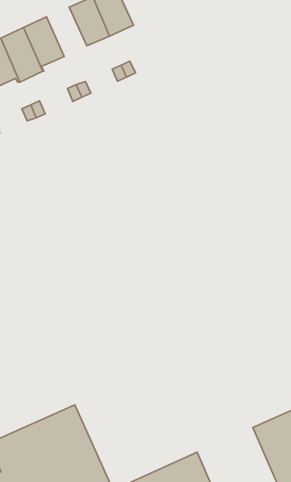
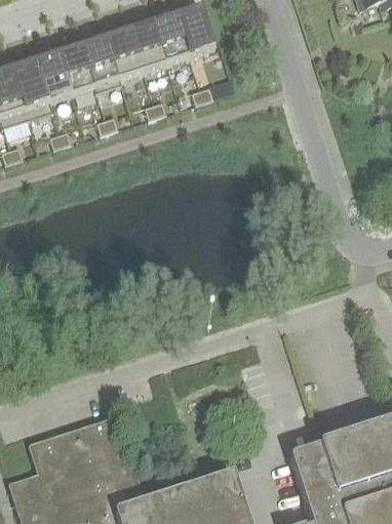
building: none -> [128,21,165,69]

